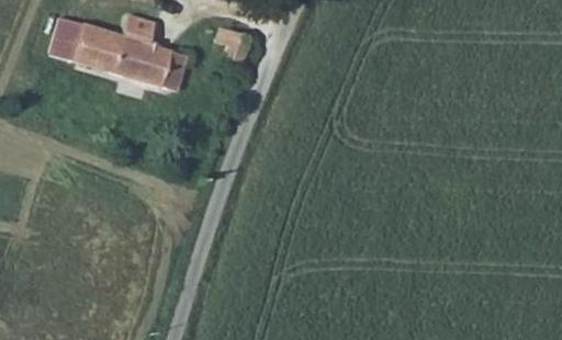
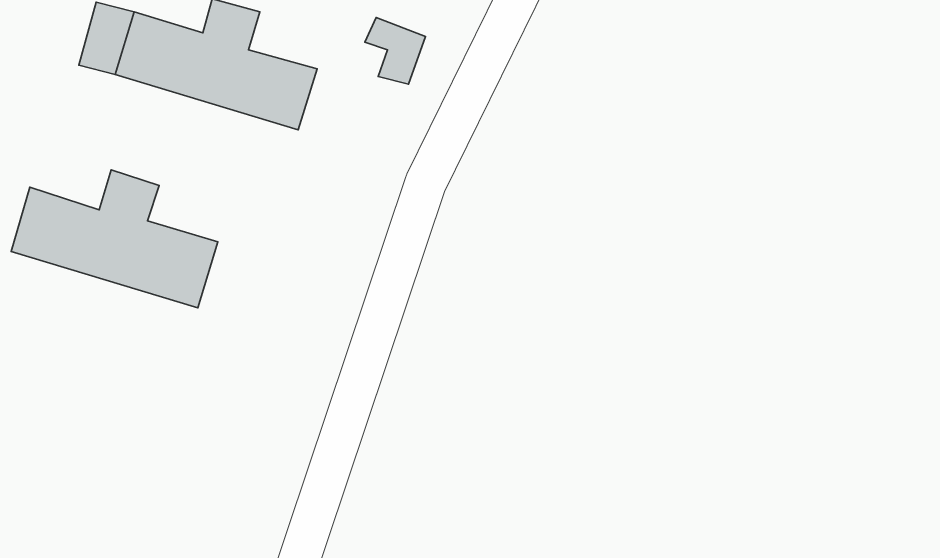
building: none -> [11,170,218,308]

